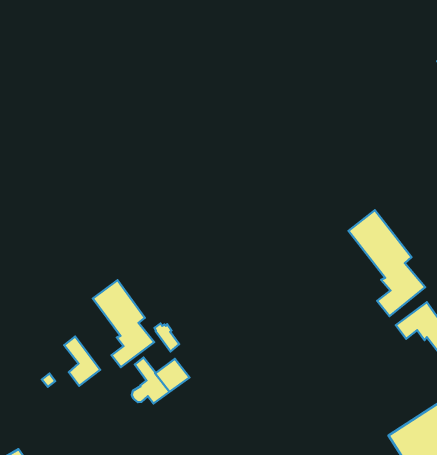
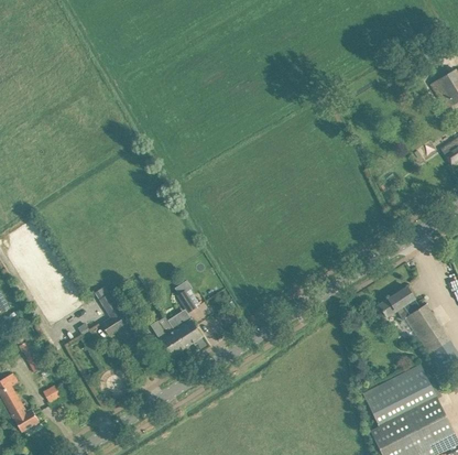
building: [348,210,425,316] -> none
building: [93,280,154,367] -> none

